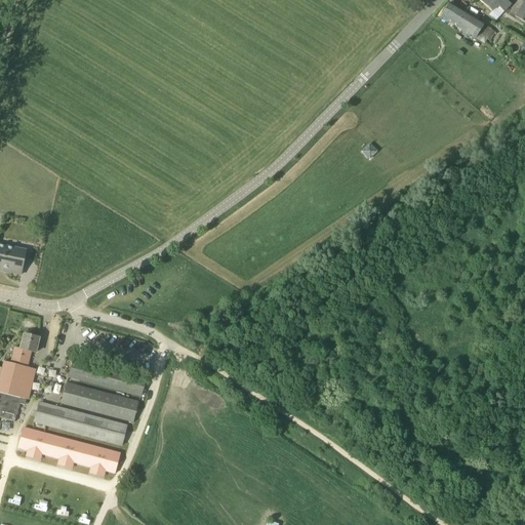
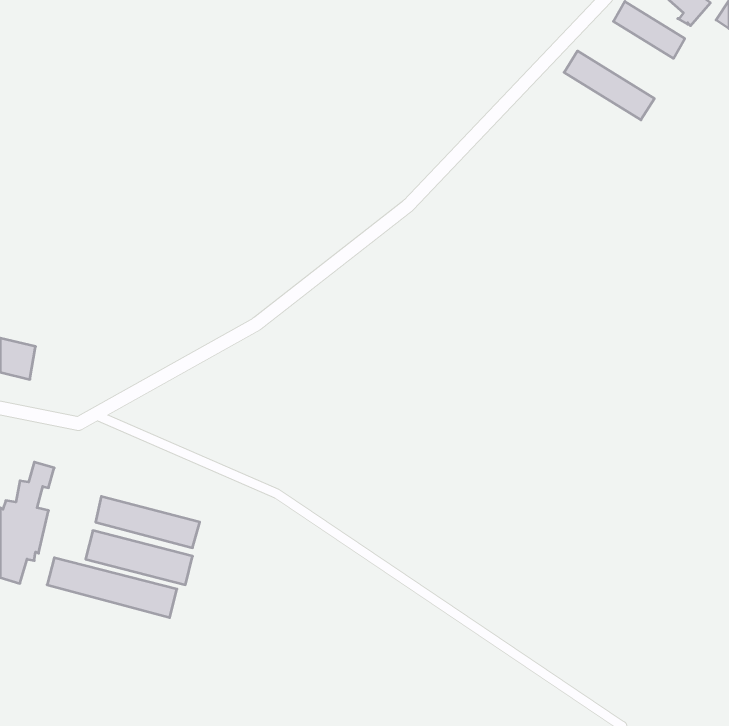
building: none -> [564,51,654,120]
building: [18,427,120,472] -> none

